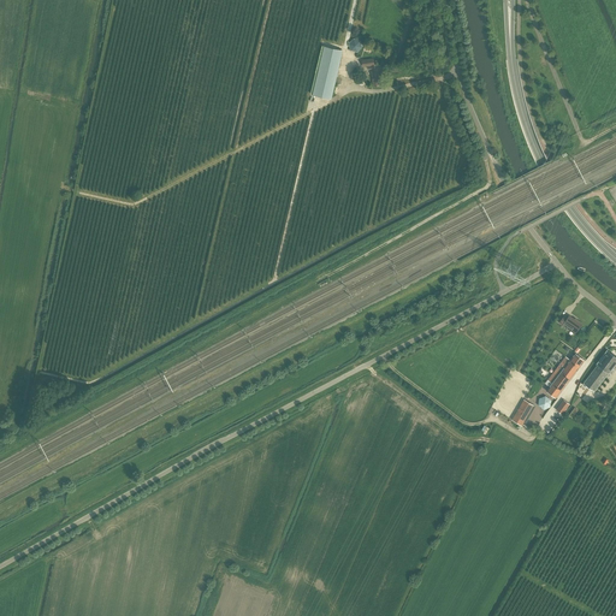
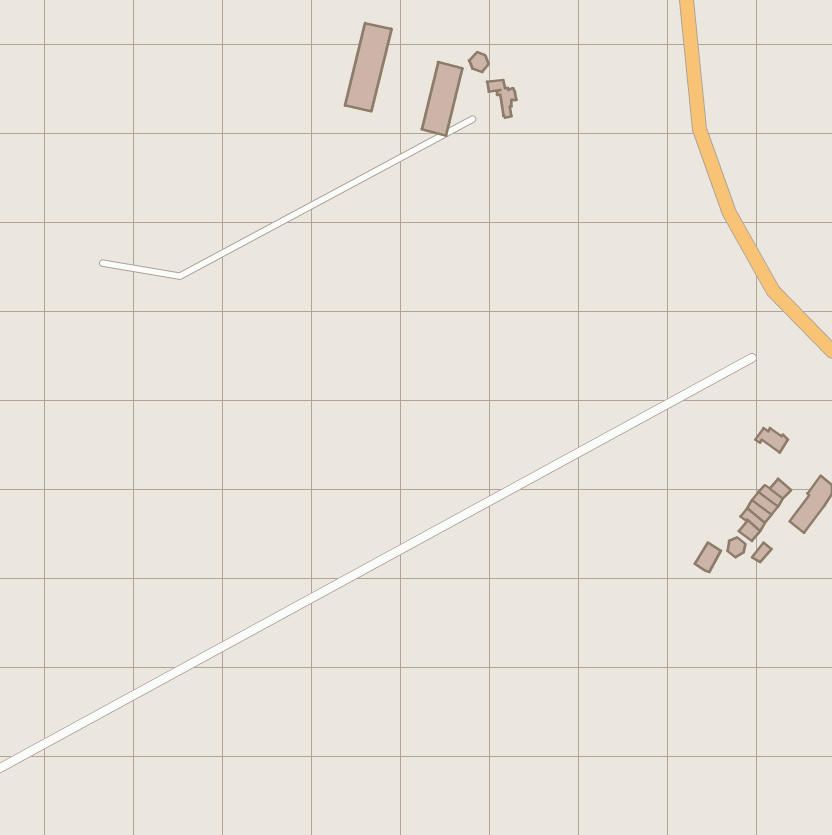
building: none -> [345,23,391,111]

